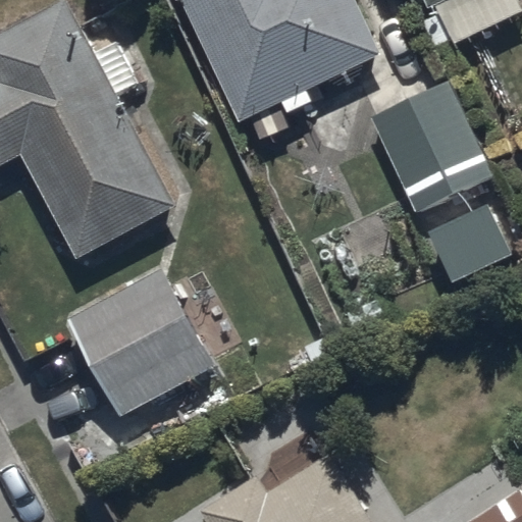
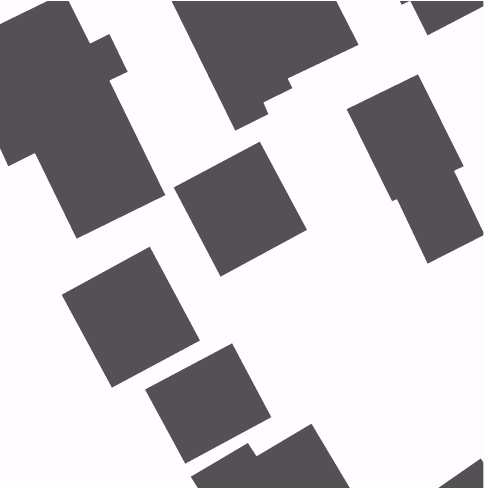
building: none -> [173,141,308,278]
building: none -> [144,342,273,465]

